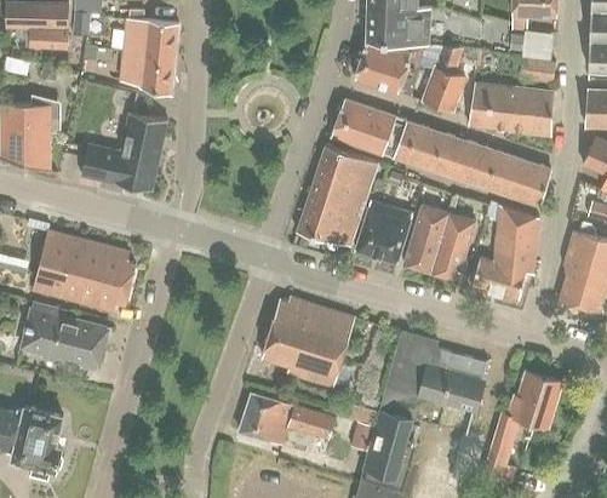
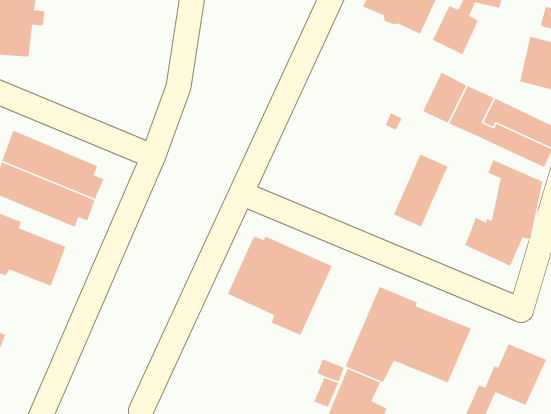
building: [468,82,511,130] -> none
building: [330,99,395,154] -> none
building: [81,111,167,190] -> none
building: [393,120,434,167] -> none
building: [296,145,378,246] -> none
building: [355,201,413,263] -> none
building: [433,214,476,282] -> none
building: [239,393,334,443] -> none

